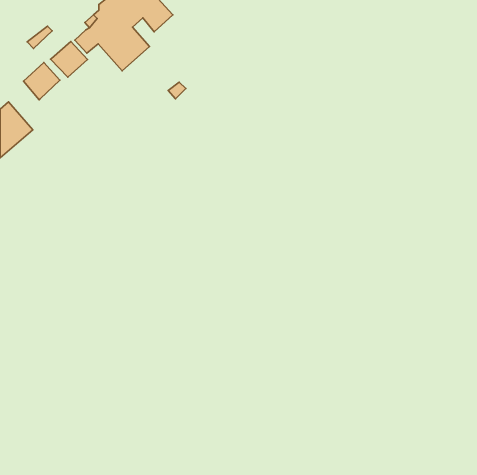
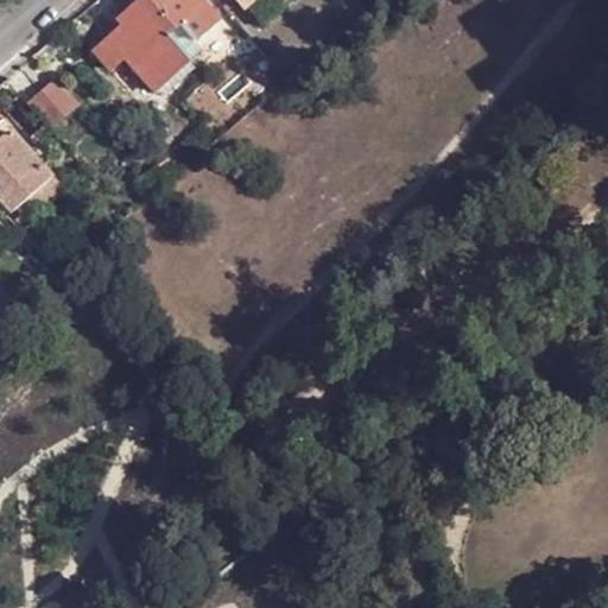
building: [51,42,87,77] -> none

